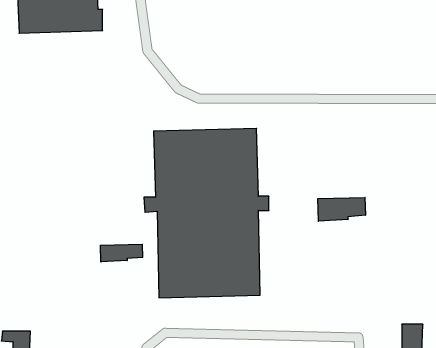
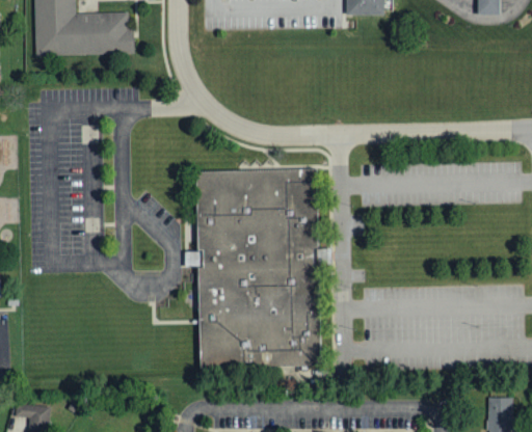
building: [318,197,365,221] -> none
building: [100,244,143,262] -> none

